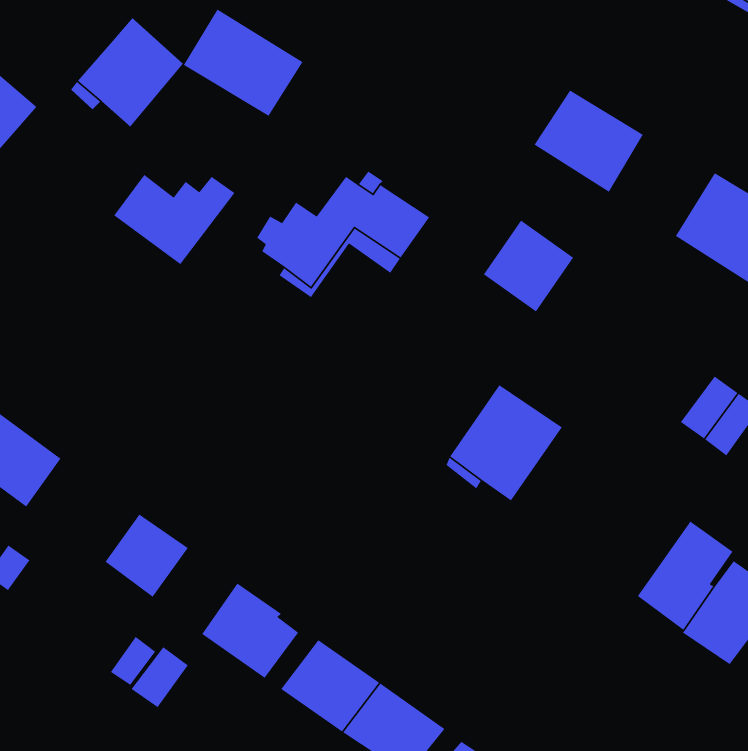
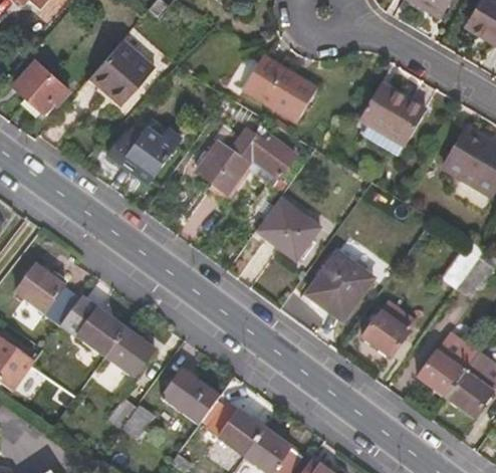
building: [183,8,303,117] -> [243,51,313,114]
building: [483,219,574,312] -> [267,204,320,258]
building: none -> [62,294,128,356]
building: none -> [361,300,417,357]

